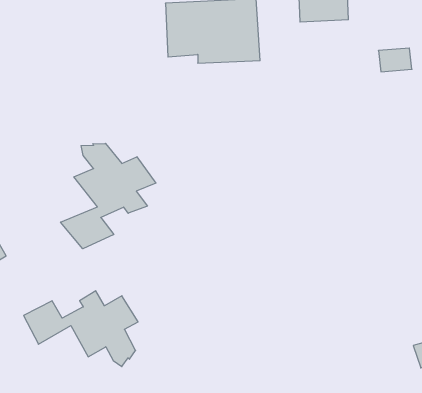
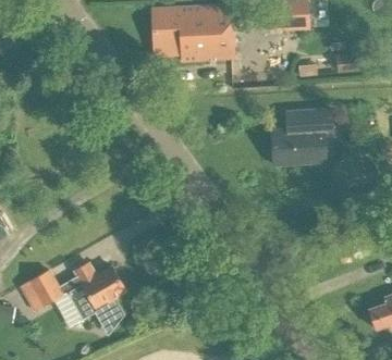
building: none -> [270,109,333,166]
building: [61,143,156,249] -> none

